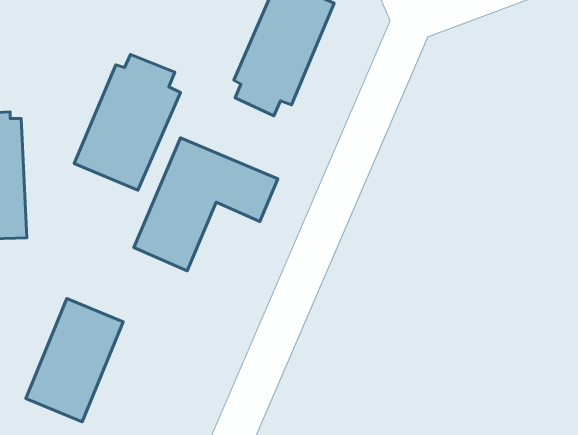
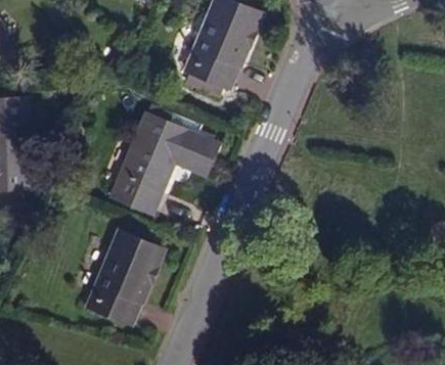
building: [74,55,181,190] -> none
building: [26,298,123,422] -> [89,231,162,323]

